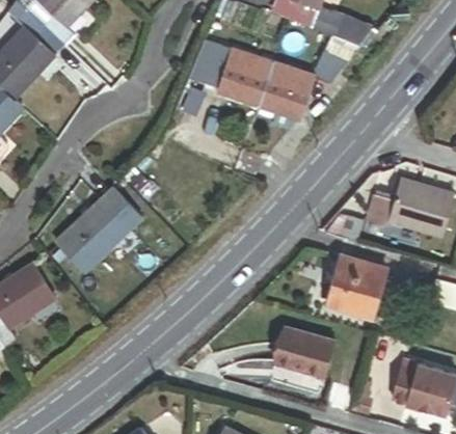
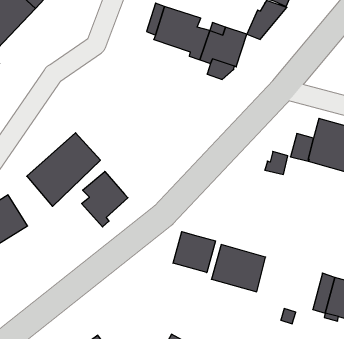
building: none -> [82,171,128,227]
building: [327,256,385,318] -> none
building: none -> [173,232,215,273]

